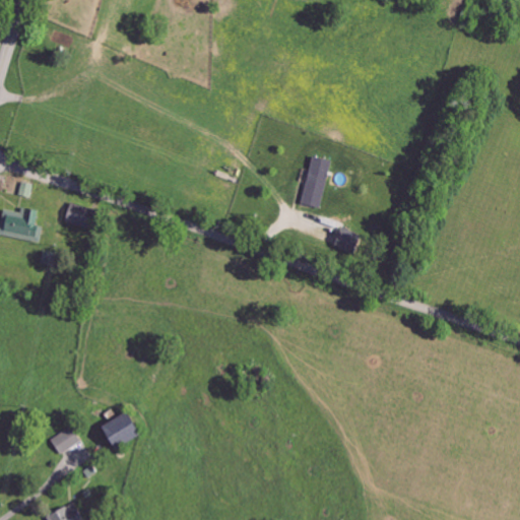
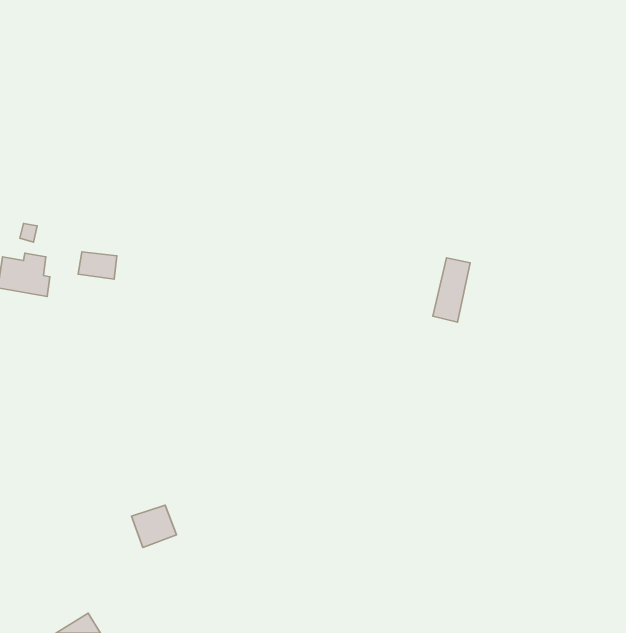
building: [299,156,329,209] -> [433,258,470,322]
building: [48,427,79,455] -> none

